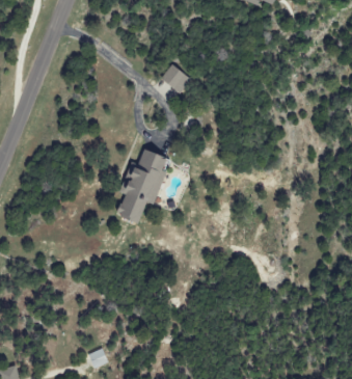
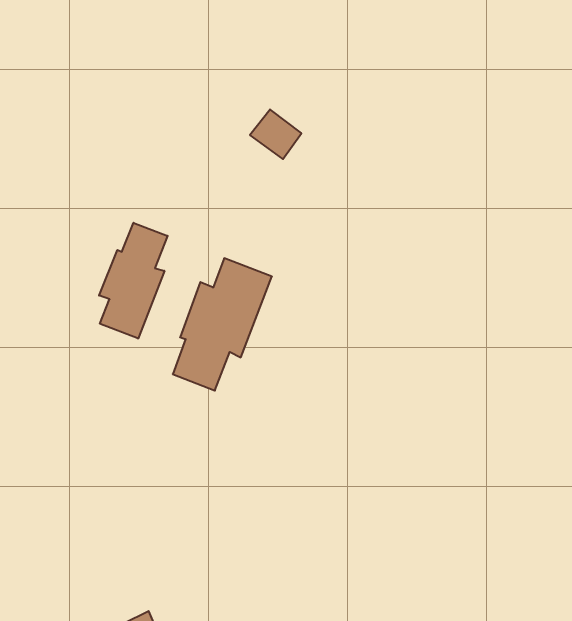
building: none -> [99,223,168,339]

